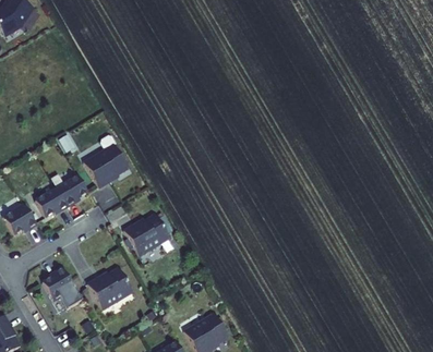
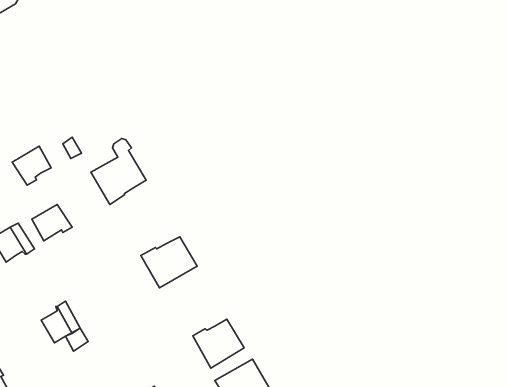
building: [56,174,87,206] -> [12,146,51,185]
building: [87,267,132,309] -> none
building: none -> [193,319,244,368]

